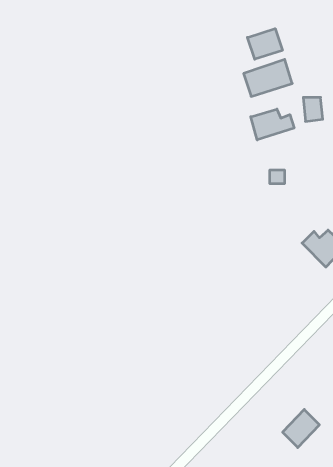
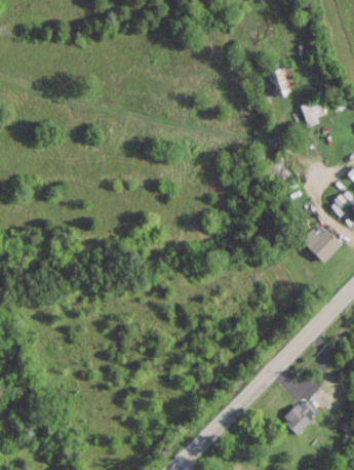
building: [247,29,282,59] -> none
building: [251,109,294,140] -> none

